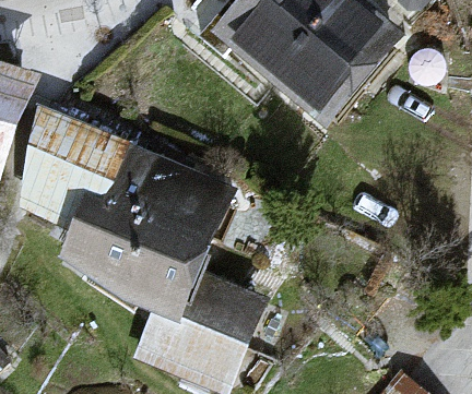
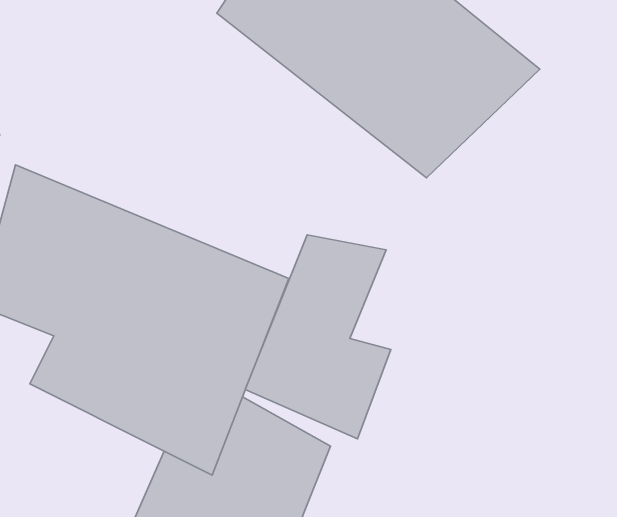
building: none -> [245,235,391,439]

